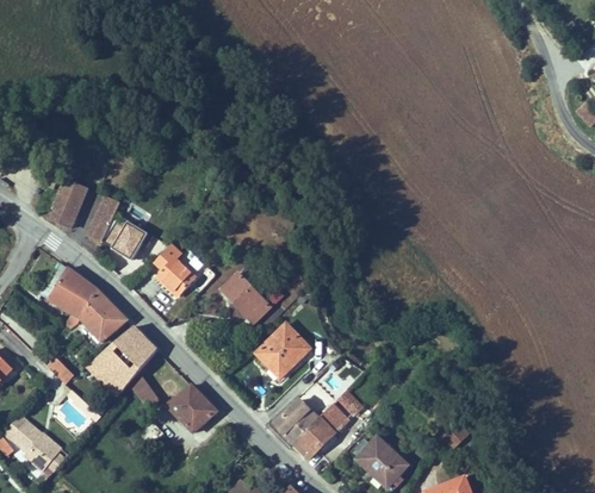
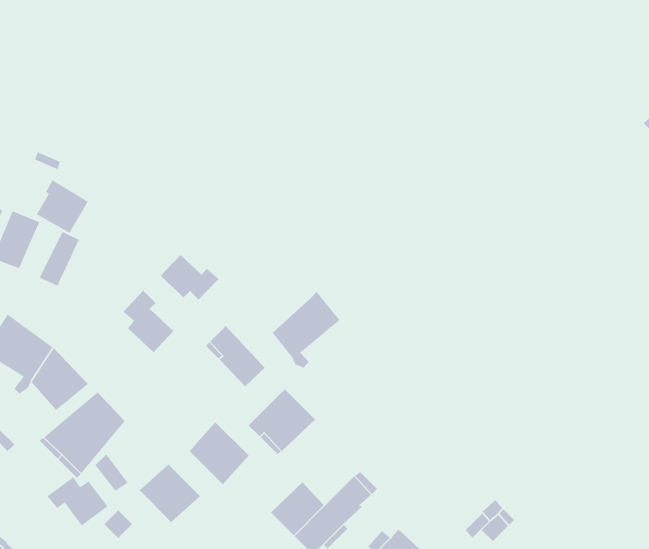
building: none -> [160,254,219,301]
building: [104,218,147,262] -> [36,179,89,234]
building: none -> [272,291,340,369]
building: none -> [189,421,249,485]
building: none -> [47,476,108,527]

